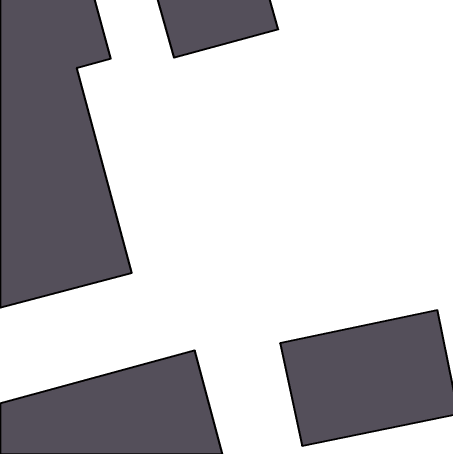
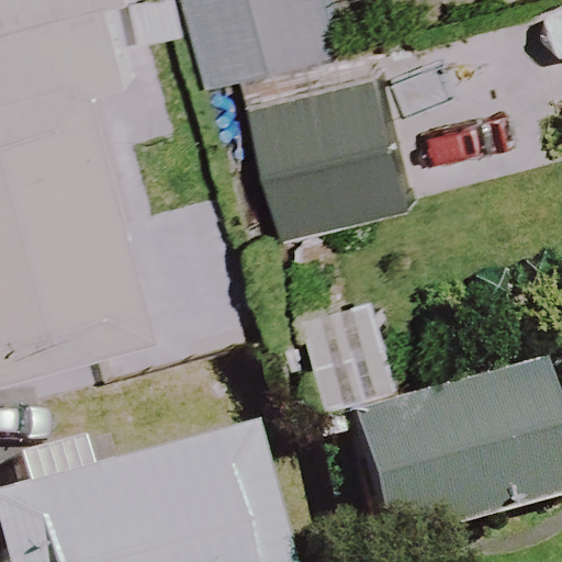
building: none -> [266,66,422,229]

